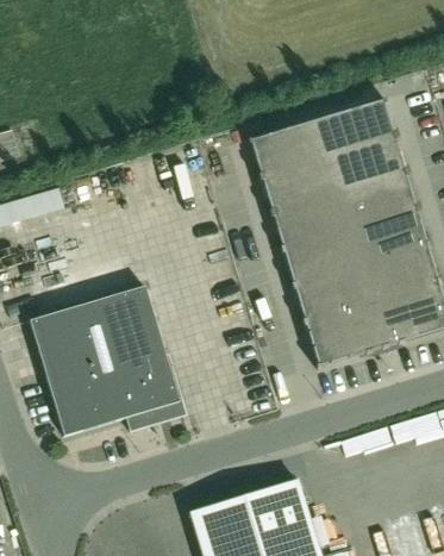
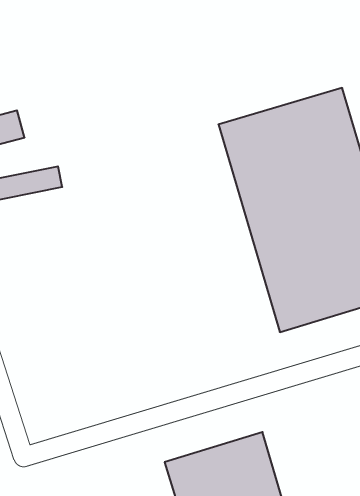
building: [29,286,183,437] -> none

